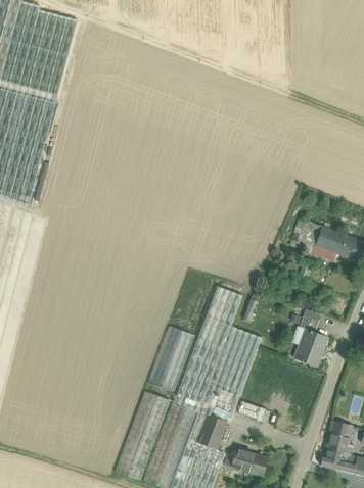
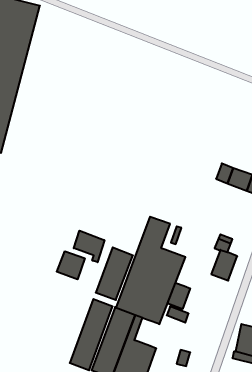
building: none -> [74,231,104,262]
building: none -> [57,251,85,279]
building: none -> [168,283,190,309]
building: [197,413,227,449] -> none
building: [224,448,256,472] -> none

